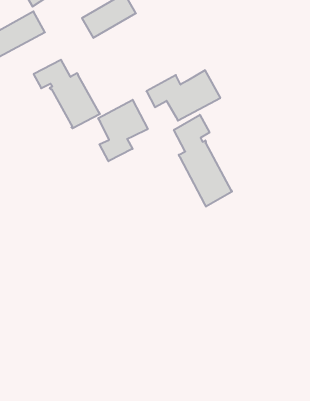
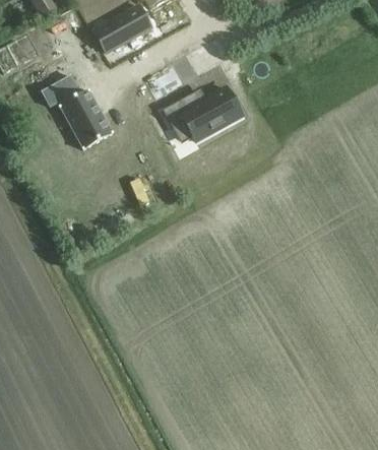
building: [98,100,148,161] -> none
building: [174,115,232,207] -> none

